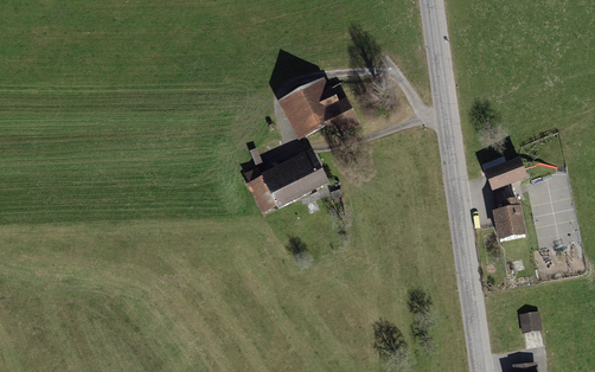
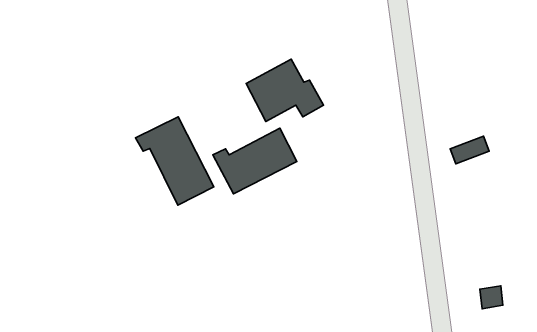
building: none -> [135,117,214,205]
building: [495,194,525,235] -> none

